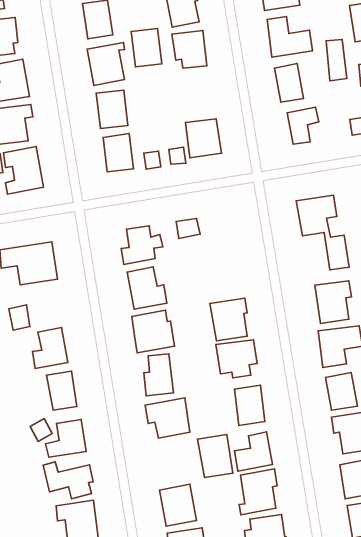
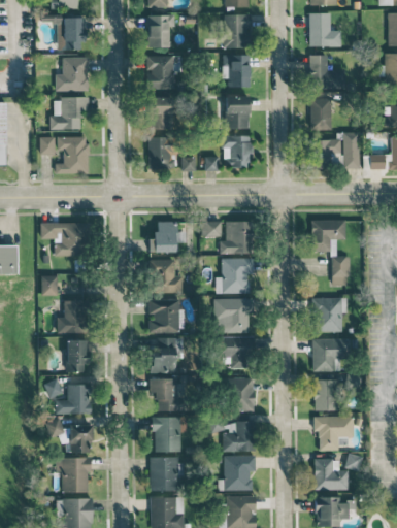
building: [131,28,162,67] -> [225,96,250,129]
building: [326,40,347,81] -> [343,132,360,168]
building: none -> [220,221,253,254]
building: none -> [223,258,254,293]
building: [198,434,233,477] -> [154,417,180,452]

